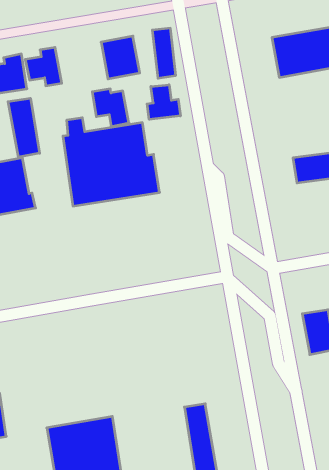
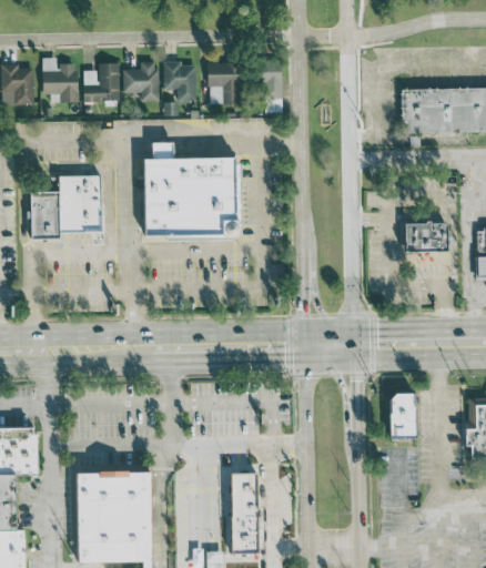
building: [147,85,180,119] -> none
building: [92,89,129,127] -> [161,60,195,101]
building: [8,98,40,157] -> none

